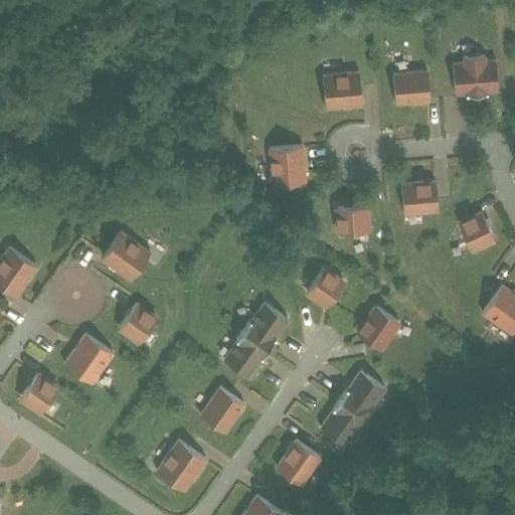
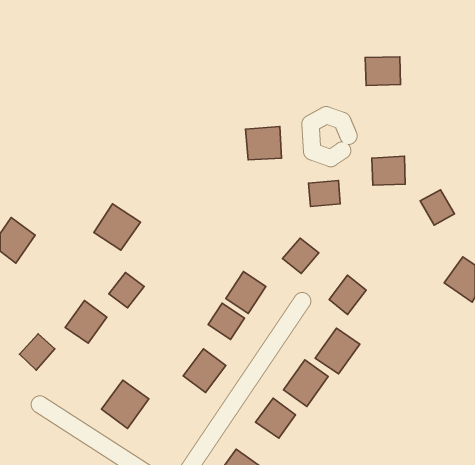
building: [457,52,505,93] -> none
building: [324,75,361,108] -> none
building: [157,443,208,495] -> [101,380,149,429]

